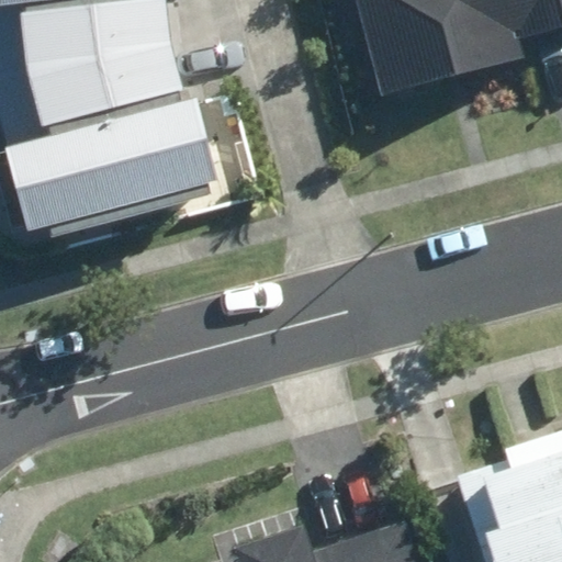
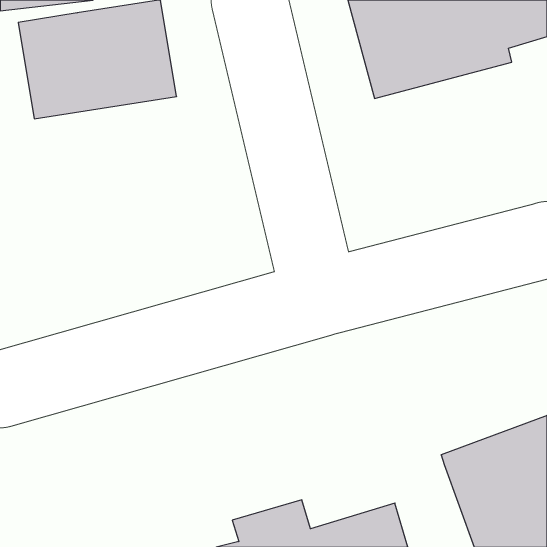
building: [5,104,218,238] -> none

